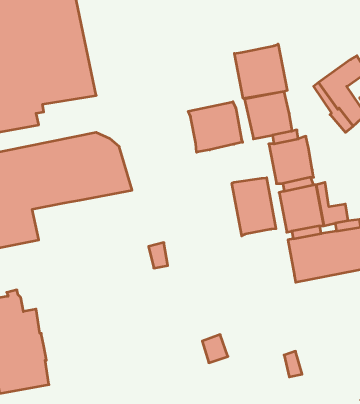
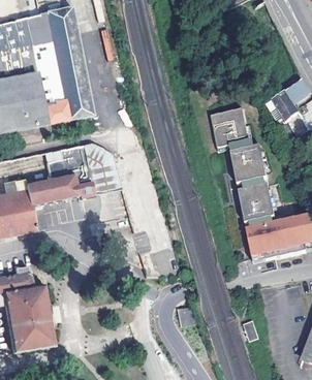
building: [234,44,287,98] -> none
building: [188,102,243,152] -> none
building: [232,178,276,236] -> none

